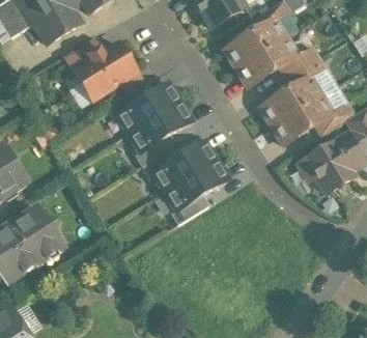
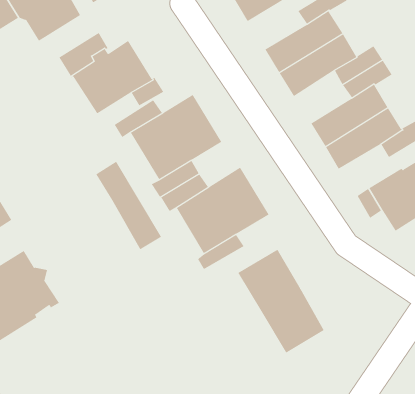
building: none -> [96,161,162,250]
building: none -> [237,249,325,354]

